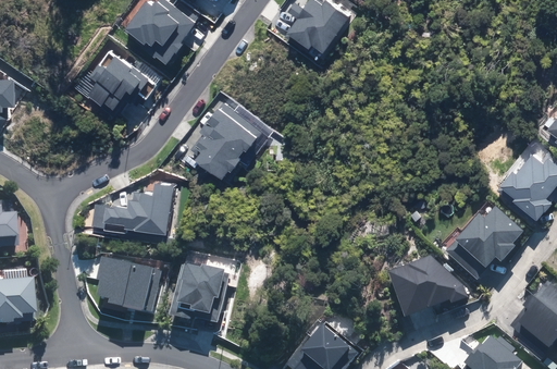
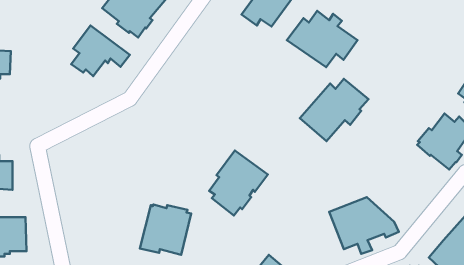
building: none -> [287,11,357,67]
building: [190,102,260,180] -> [209,151,268,216]
building: [90,183,172,234] -> none
building: [448,204,530,278] -> [300,79,369,141]
building: [96,255,161,311] -> none

